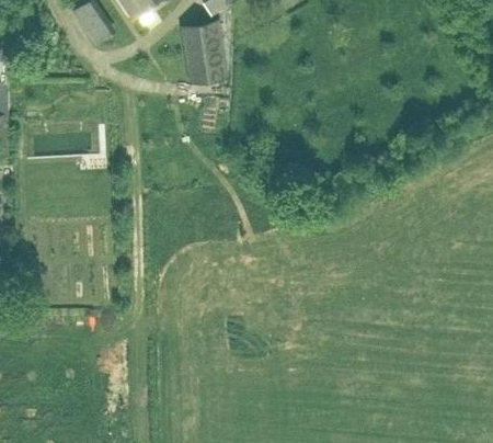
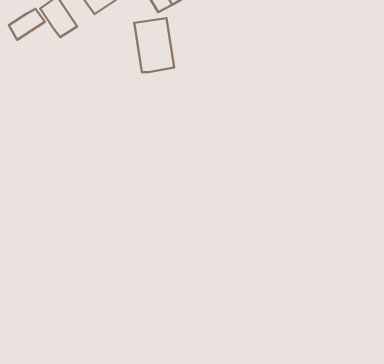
building: none -> [9,9,45,40]

